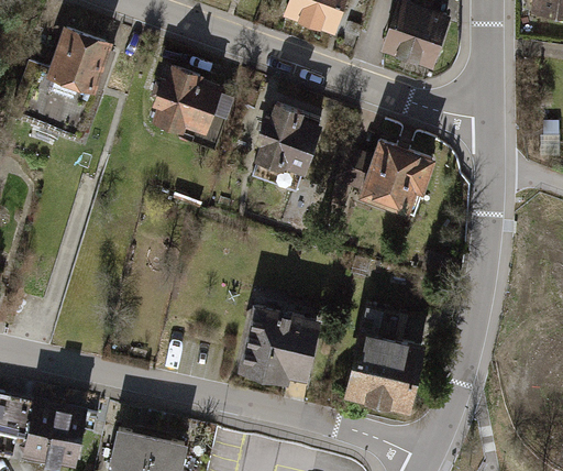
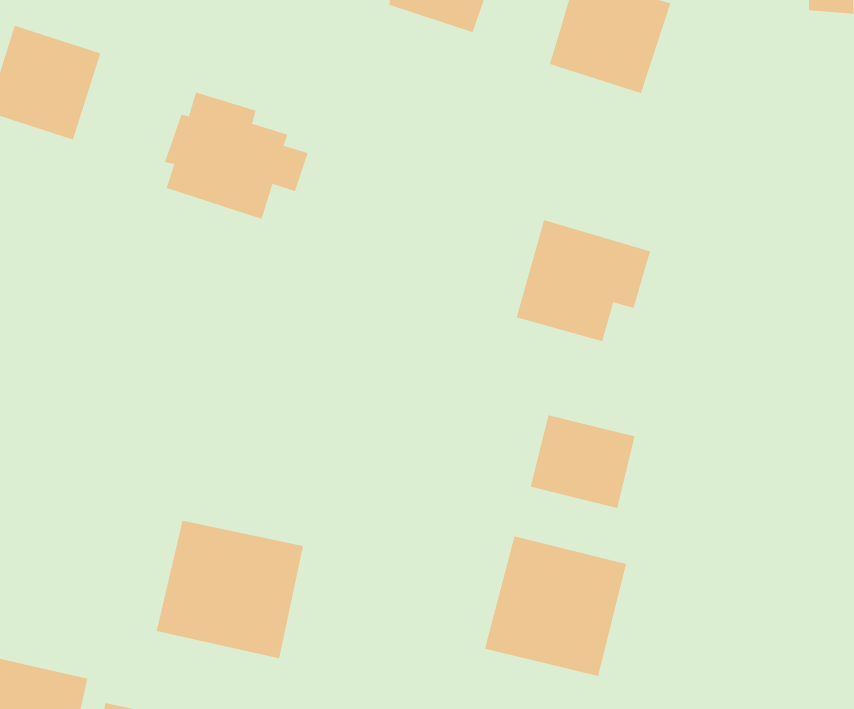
building: [252,100,322,194] -> none
building: none -> [530,414,635,509]
building: [235,306,323,388] -> [156,520,304,659]

